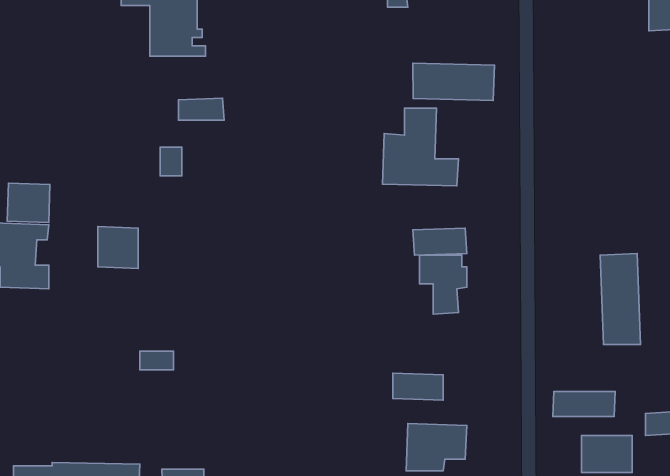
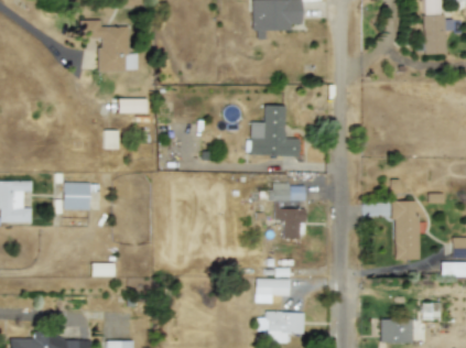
building: [413,63,494,101] -> none
building: [7,183,50,223] -> none
building: [553,391,615,416] -> none

